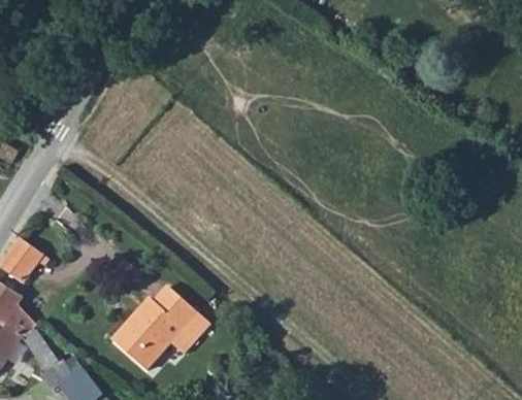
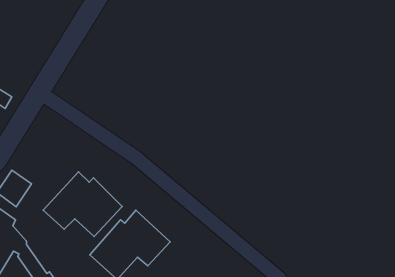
building: none -> [43,172,122,237]

